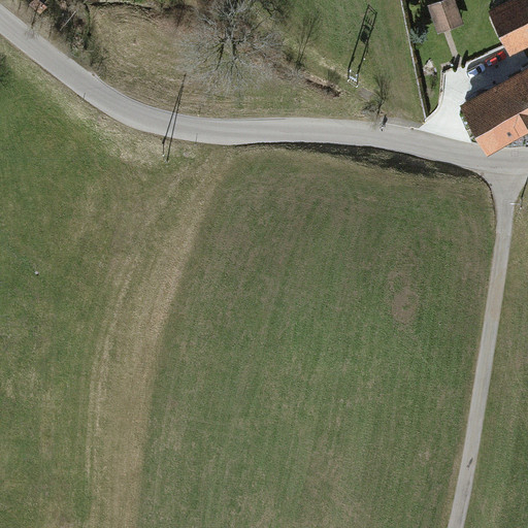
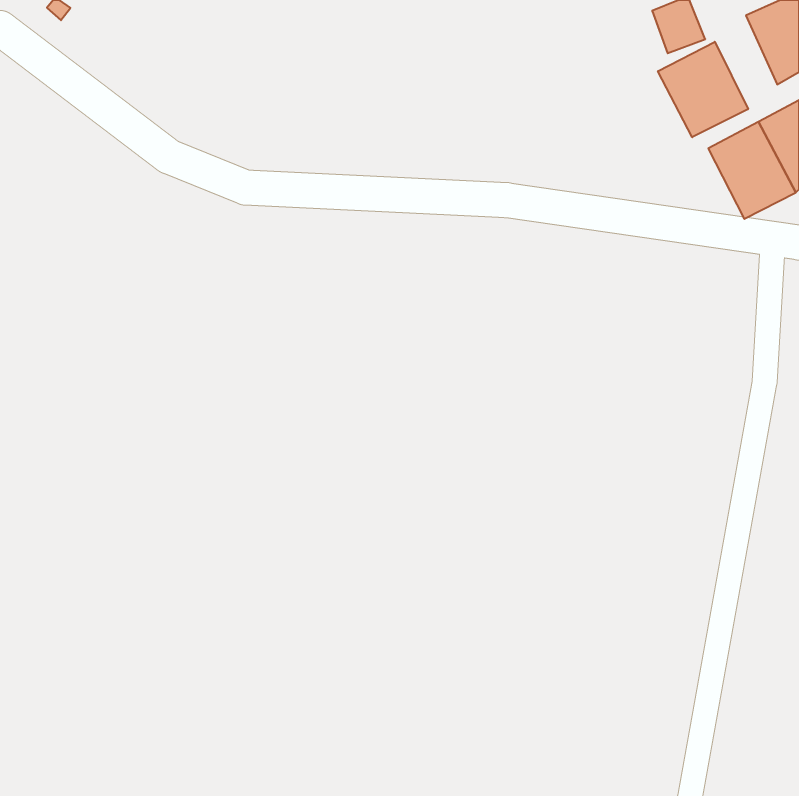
building: none -> [658,42,748,137]

